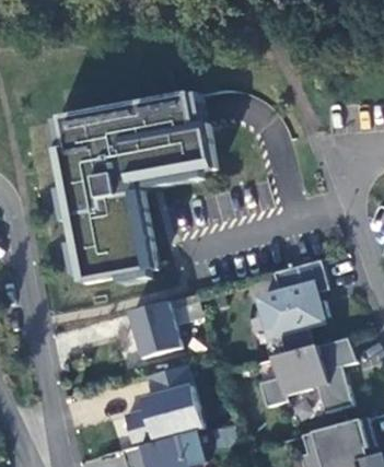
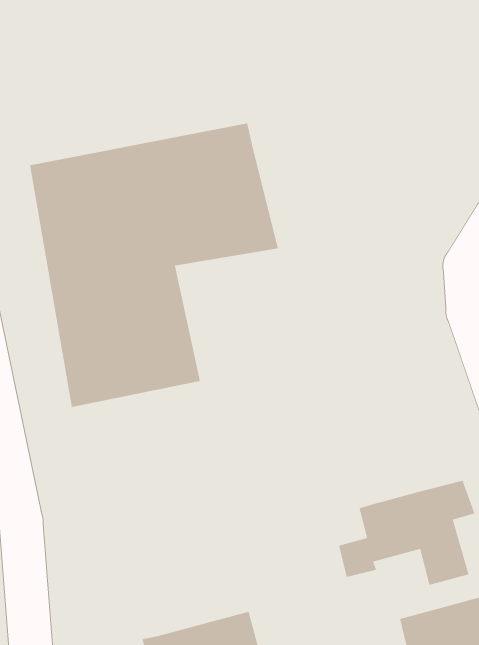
building: [261,260,329,354] -> none
building: [130,302,183,359] -> none
building: [125,365,205,447] -> none

